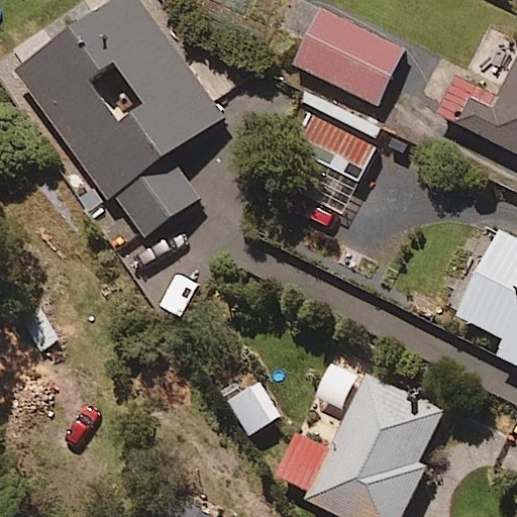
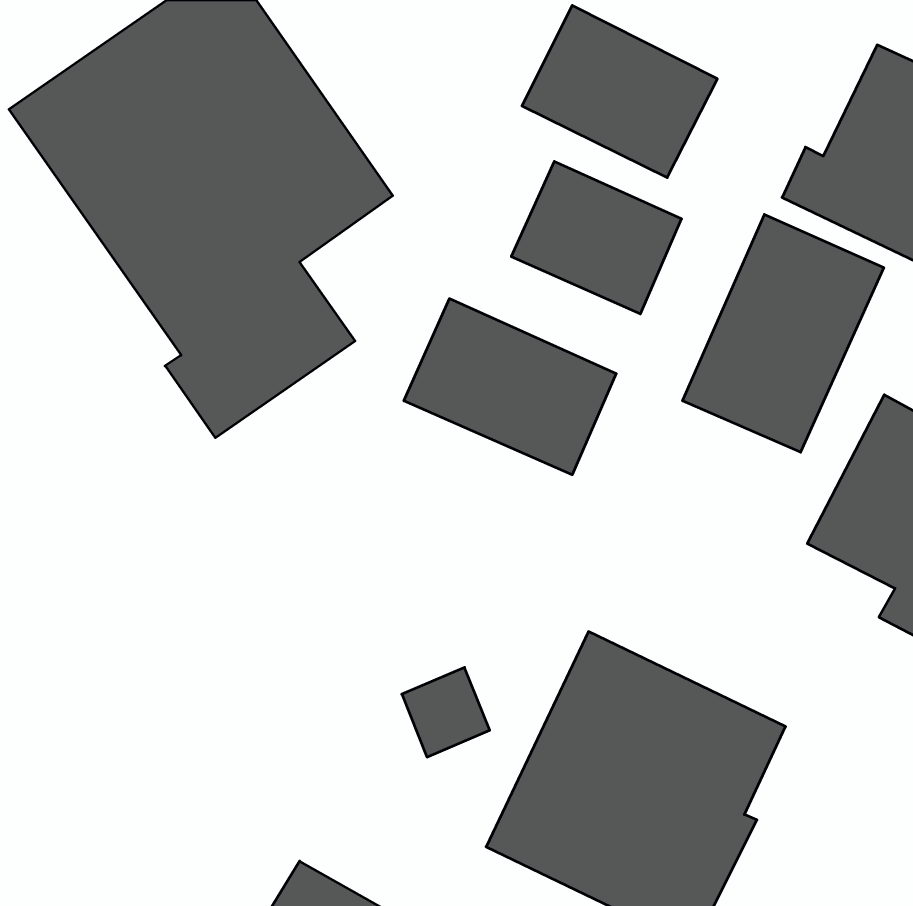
building: none -> [683,214,884,452]
building: none -> [404,299,616,475]

